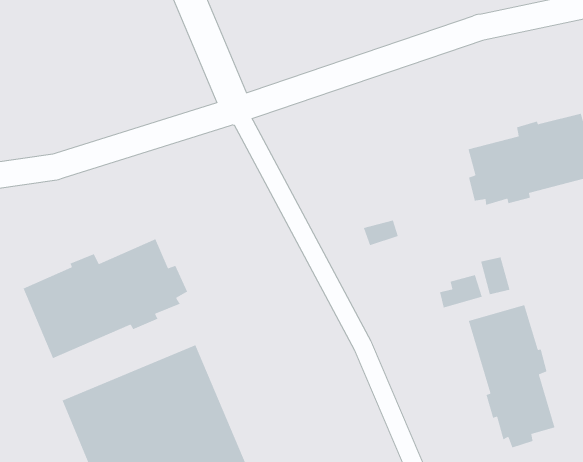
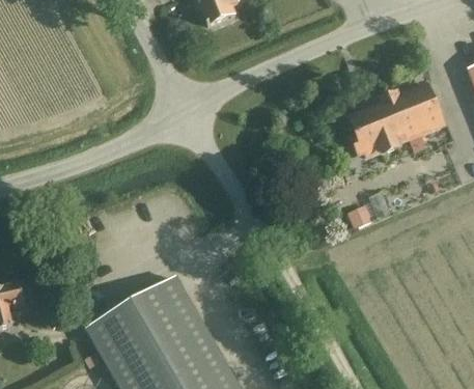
building: [23,238,188,359] -> none
building: [468,304,556,449] -> none

